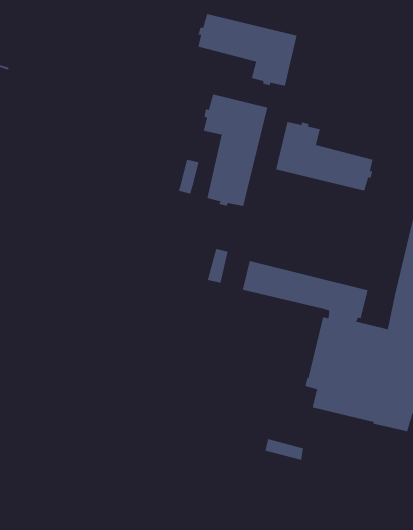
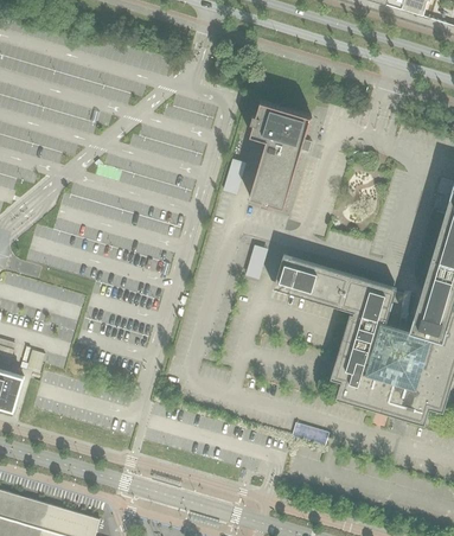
building: [197,13,298,87] -> none
building: [275,121,373,191] -> none

